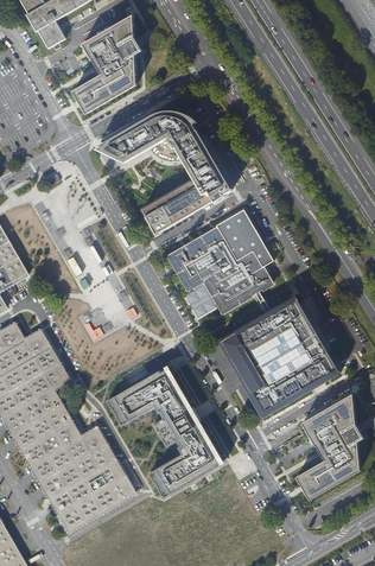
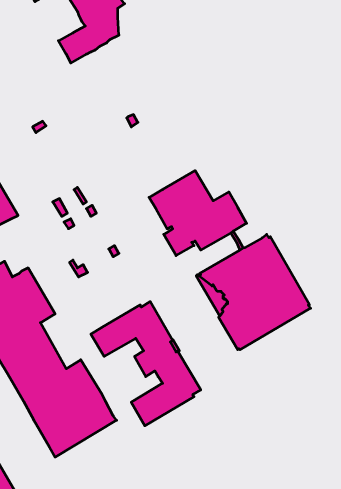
building: [96,110,231,235] -> none
building: [216,210,273,267] -> none
building: [297,393,364,500] -> none

